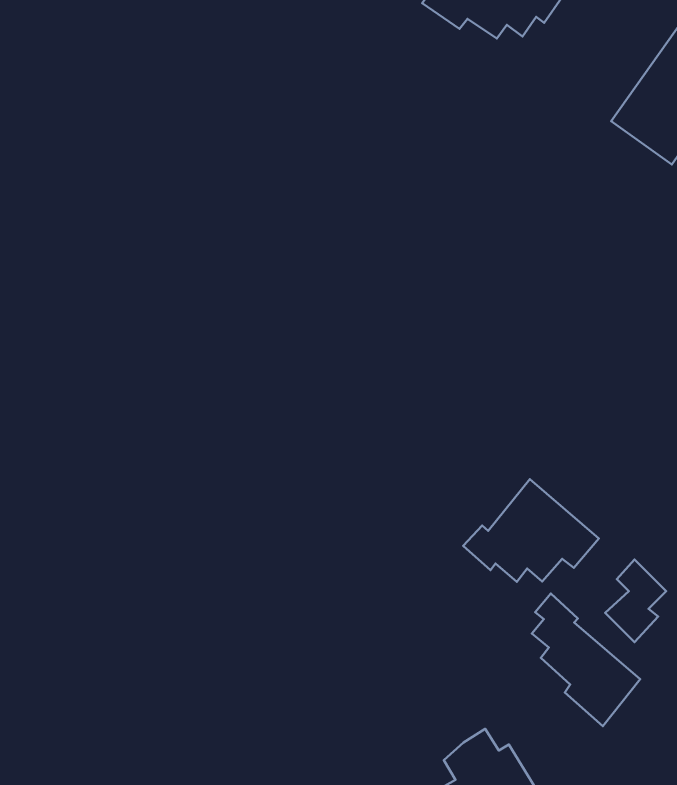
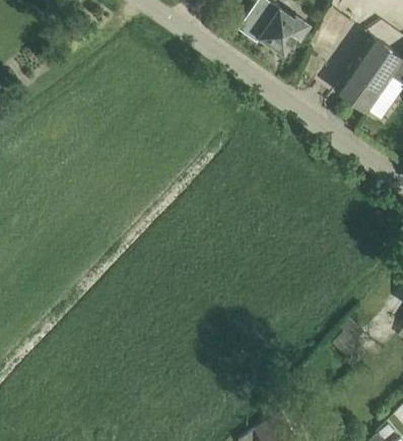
building: [463,479,599,582] -> none
building: [532,593,640,726] -> none

